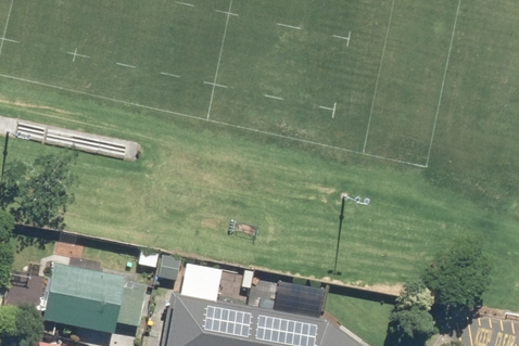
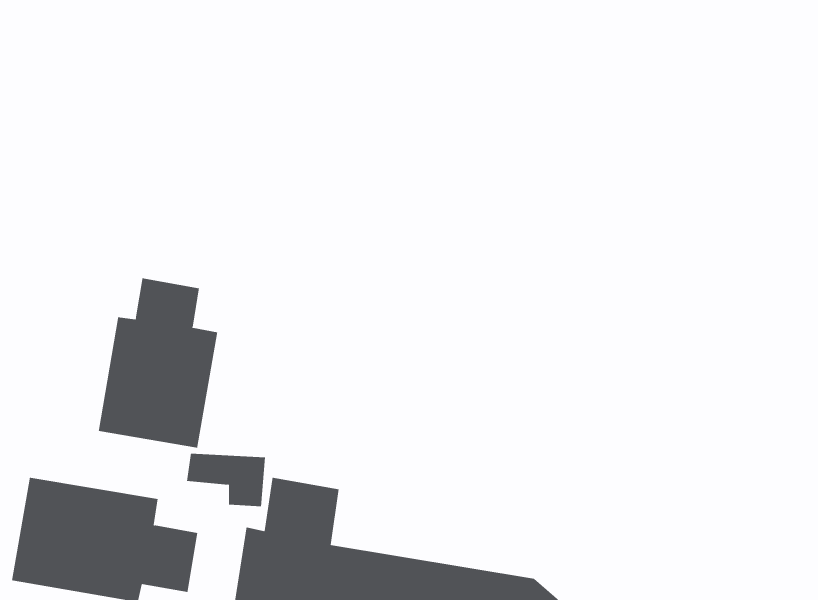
building: none -> [98,278,218,448]

